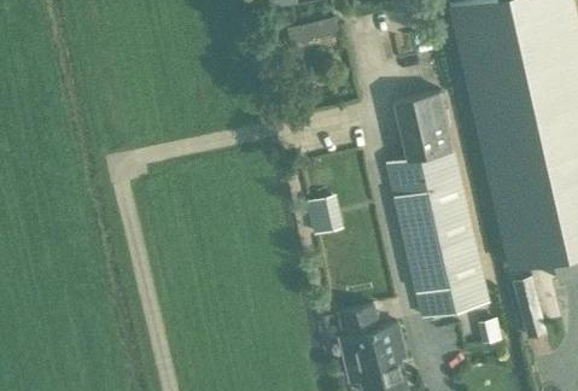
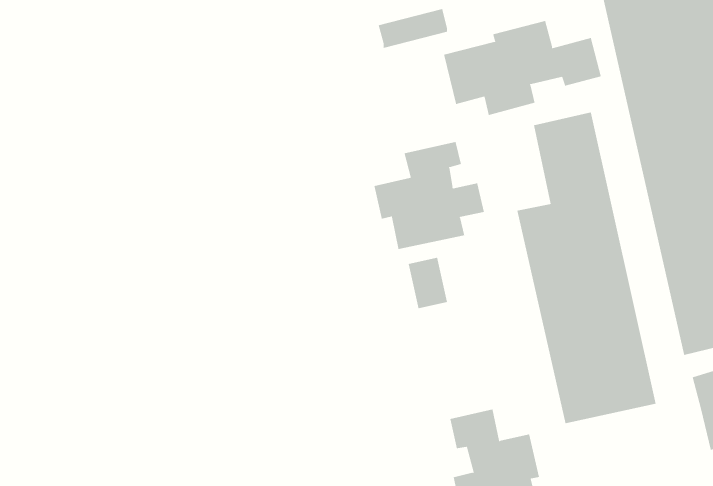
building: none -> [443,20,601,116]
building: none -> [374,141,485,250]

